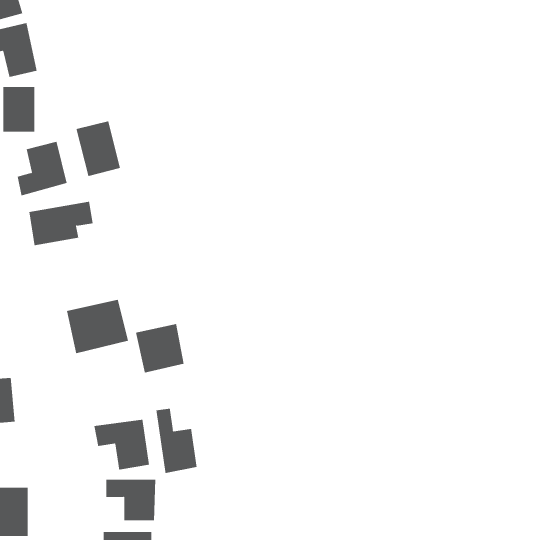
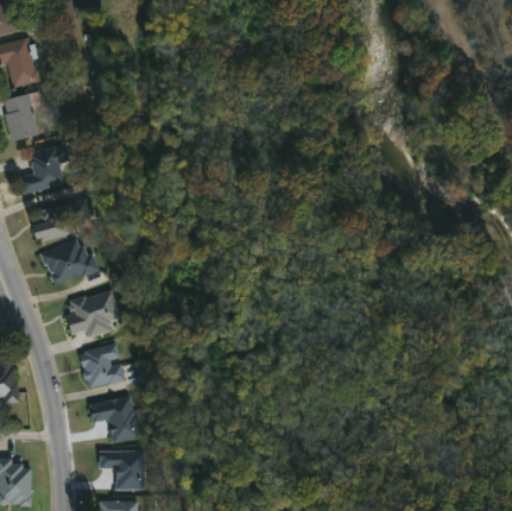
building: [76,120,120,177] -> none
building: none -> [39,235,97,285]
building: [135,323,185,373] -> [78,342,124,387]
building: [156,408,197,474] -> none

